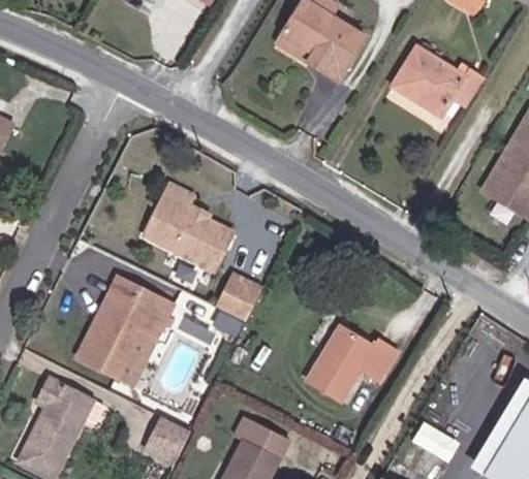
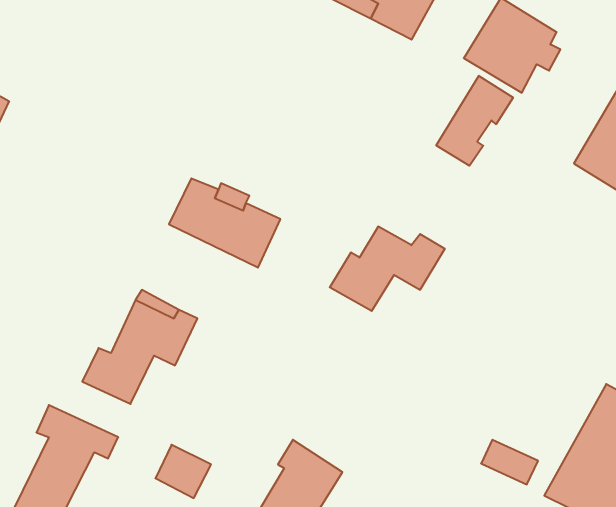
building: none -> [436,76,513,166]
building: [214,283,252,324] -> none
building: [303,322,399,392] -> [330,227,445,311]

